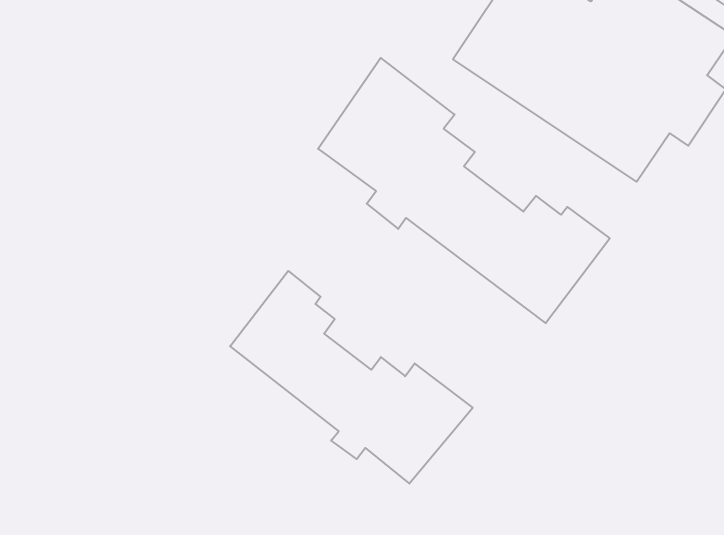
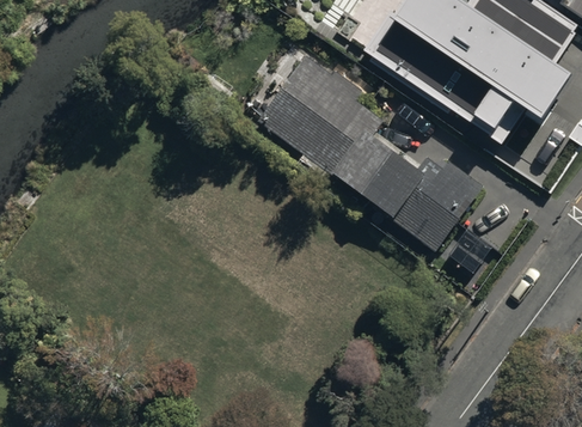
building: [230,271,473,484] -> none

